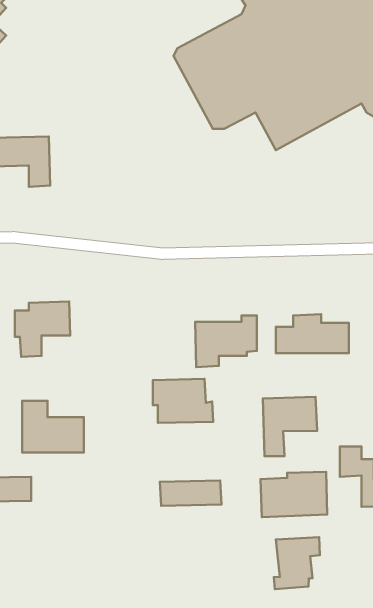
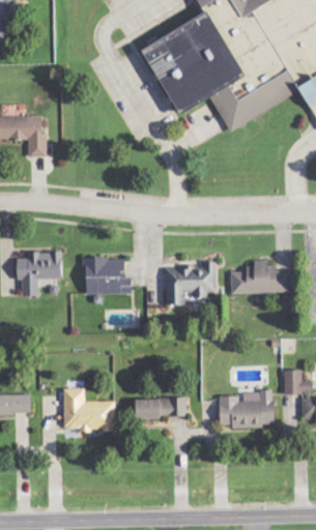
building: [153,379,213,423] -> [82,258,132,294]
building: [263,397,317,456] -> none
building: [22,401,84,453] -> [63,387,114,430]
building: [274,537,320,589] -> none

